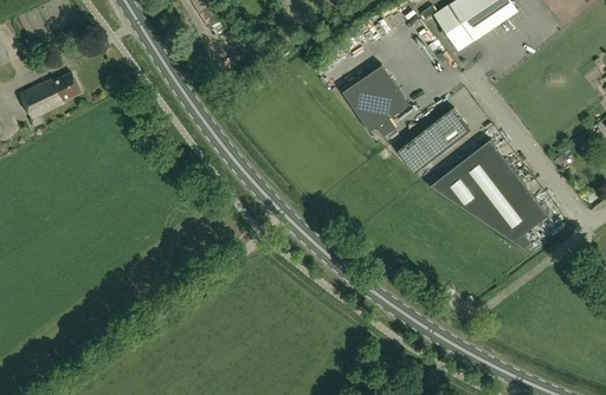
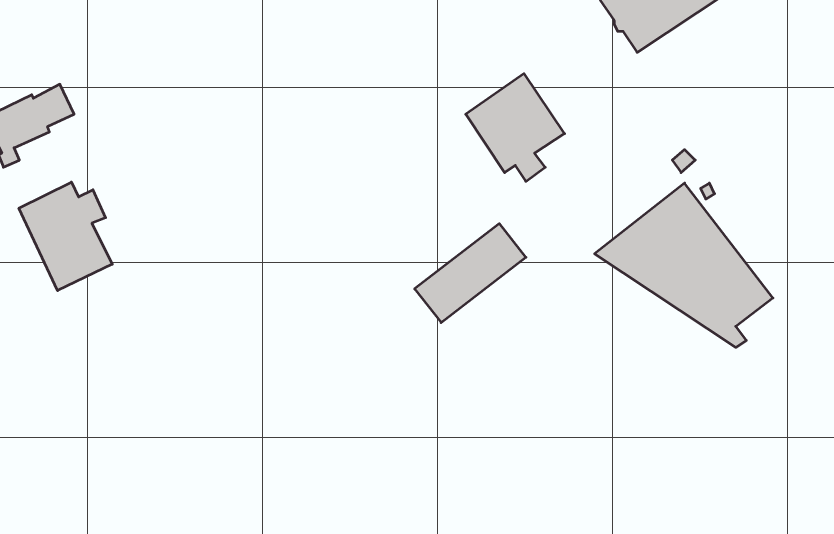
building: [397,106,471,173] -> [415,224,526,323]
building: none -> [19,182,112,291]

